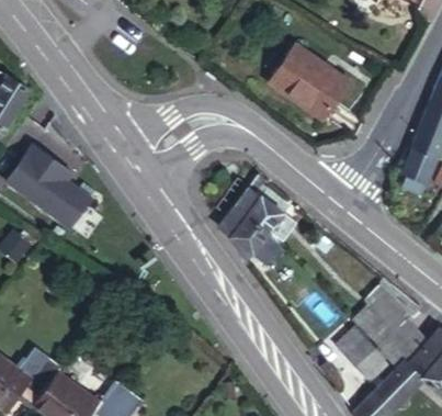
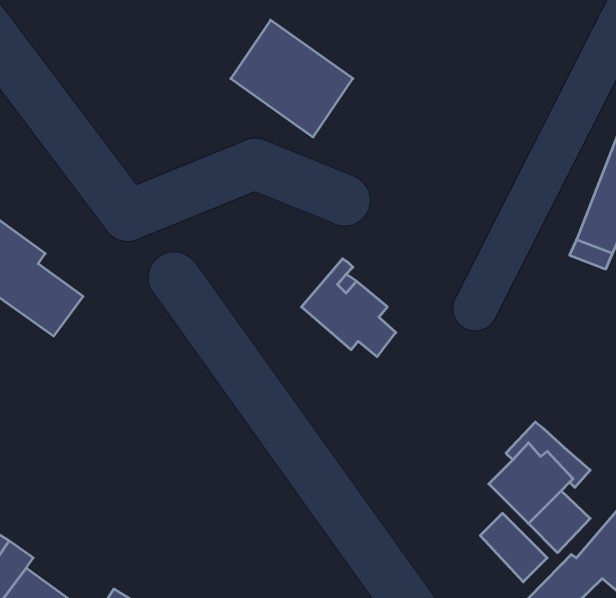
building: [274,38,352,113] -> [231,20,353,137]
building: [215,205,262,258] -> none

